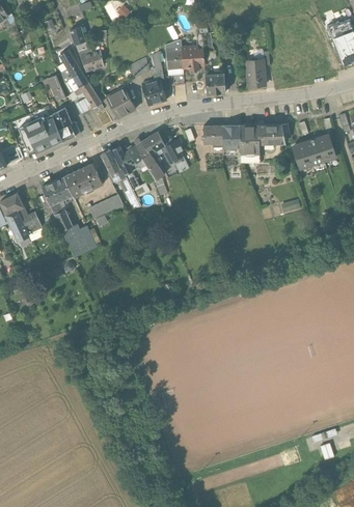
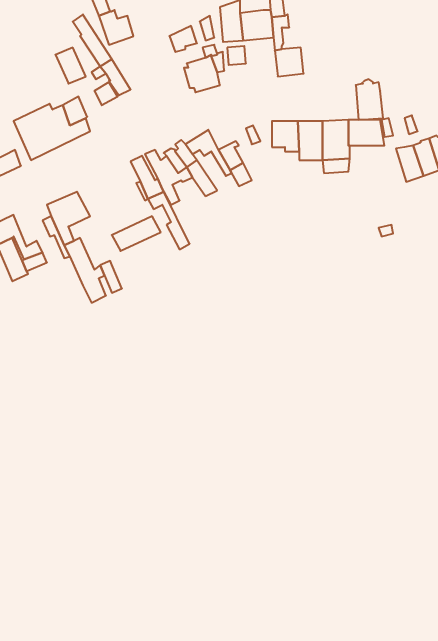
building: [246,57,266,86] -> [356,79,383,120]
building: [106,86,136,118] -> none
building: [63,163,102,197] -> none

